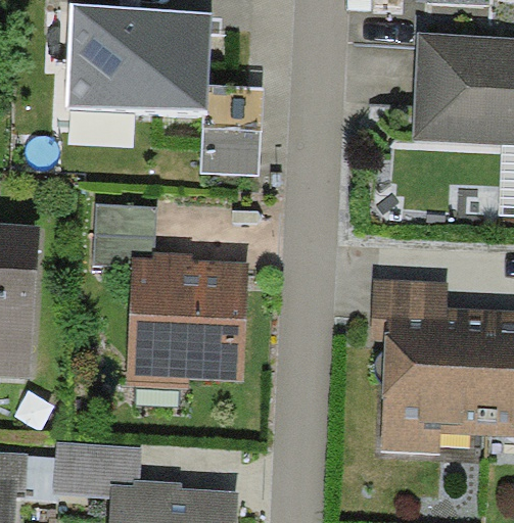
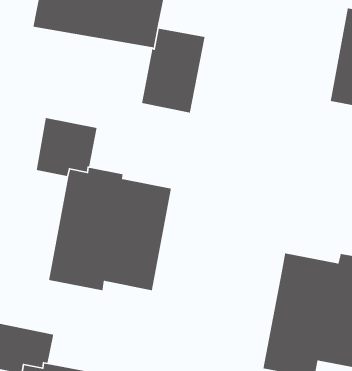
building: [370,279,450,341] -> none

